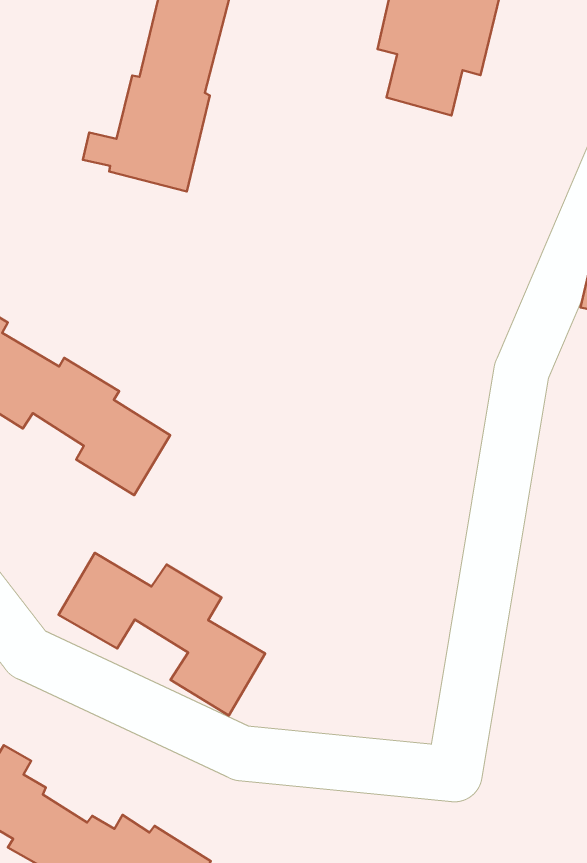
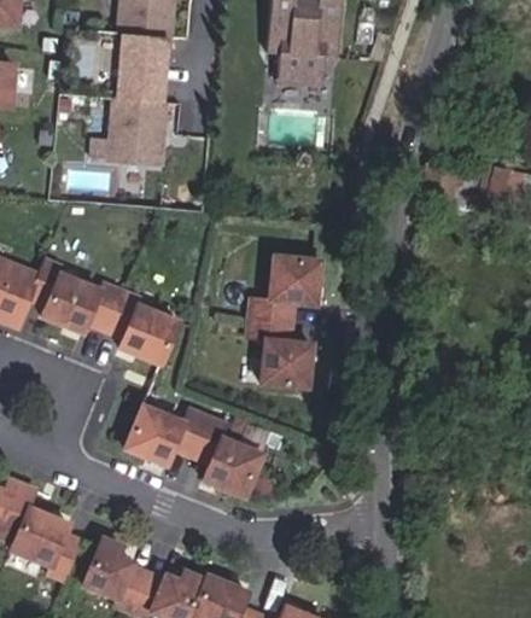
building: none -> [246,256,317,387]

